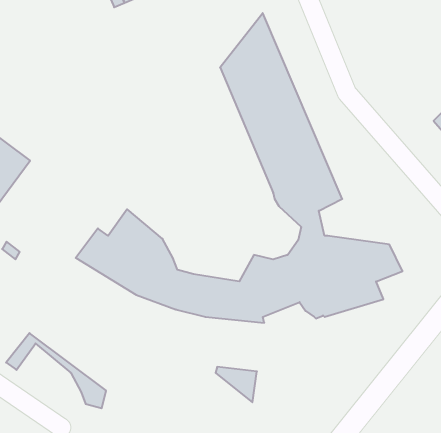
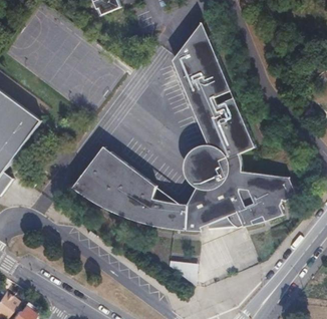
building: none -> [182,142,227,188]
building: [6,333,106,408] -> [88,146,156,198]

